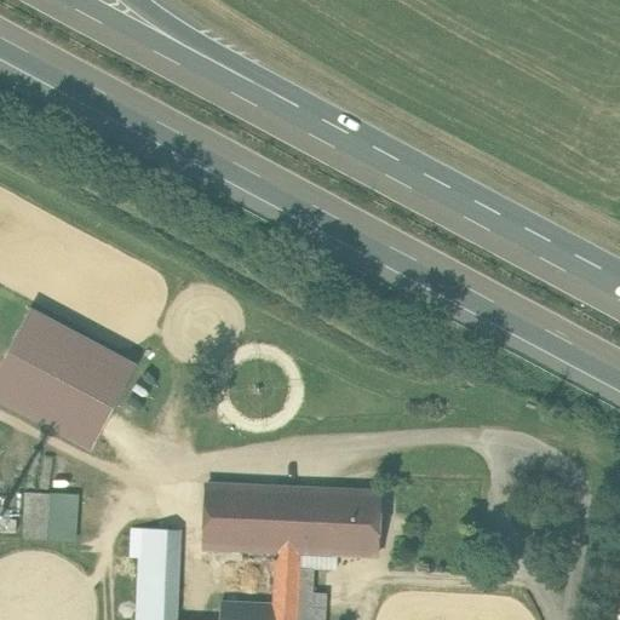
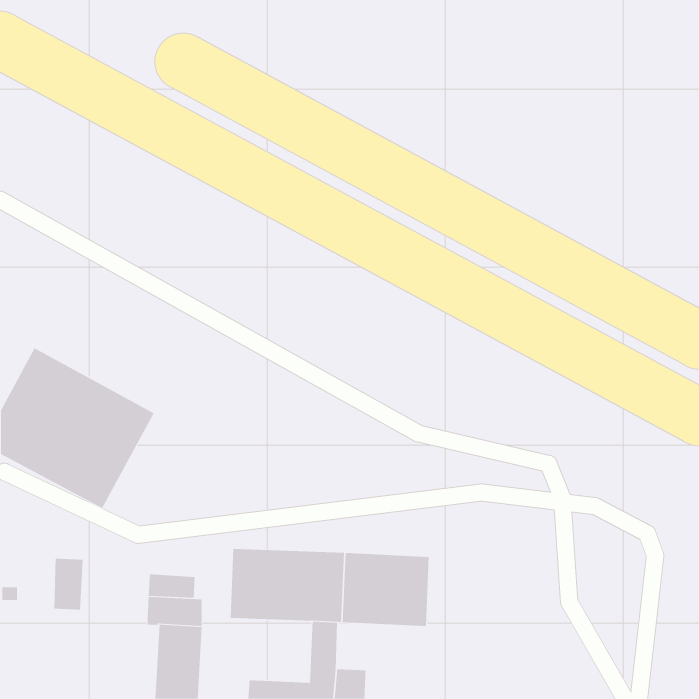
building: [24,493,48,539] -> none
building: none -> [148,574,195,598]

